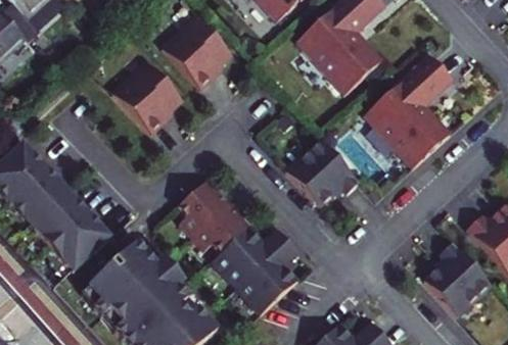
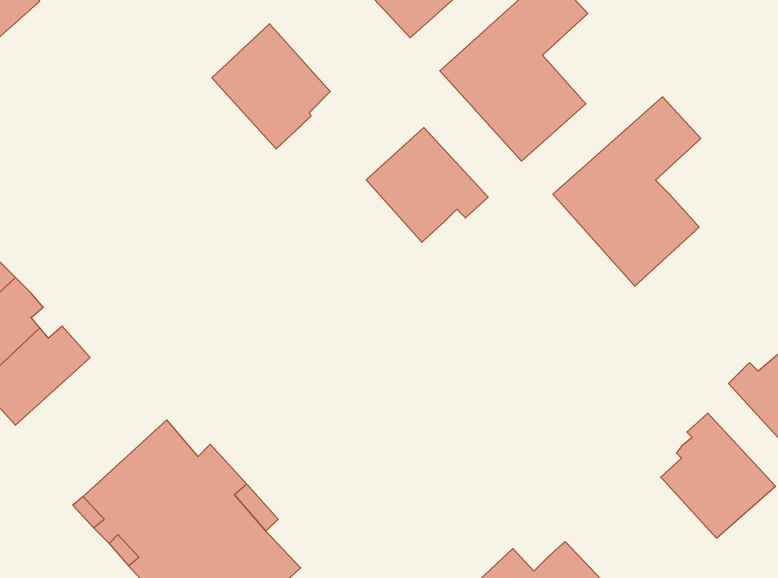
building: [113,60,184,134] -> none
building: [286,139,358,206] -> [366,128,488,242]
building: [179,179,299,313] -> none
building: [47,211,107,274] -> none

